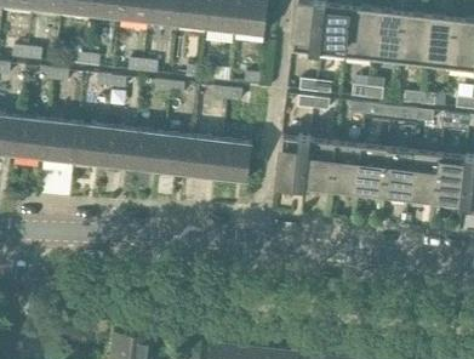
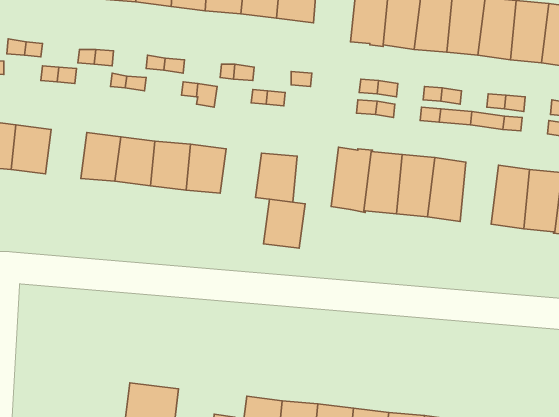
building: [44,122,78,163] -> none
building: [187,138,221,178] -> [264,199,305,248]
building: [383,149,415,200] -> none

